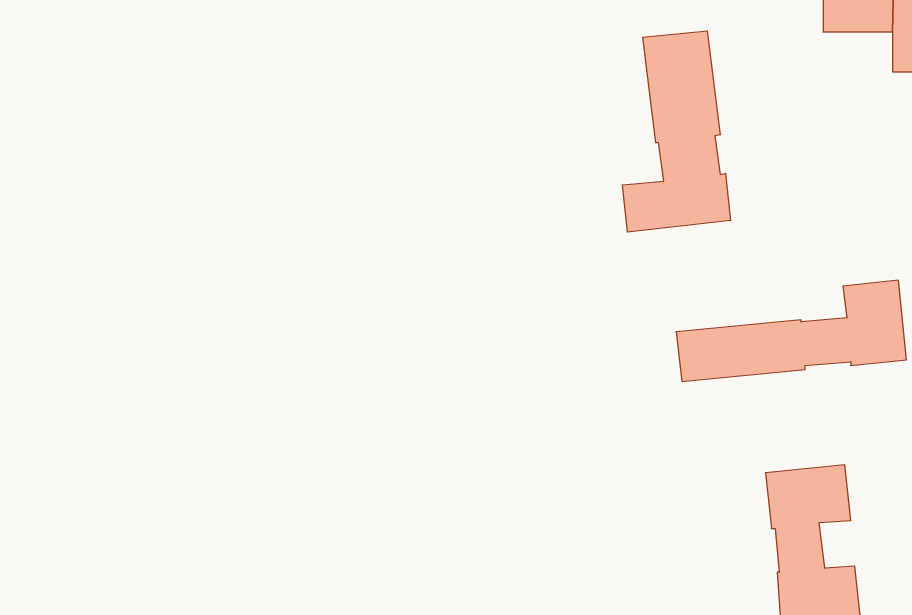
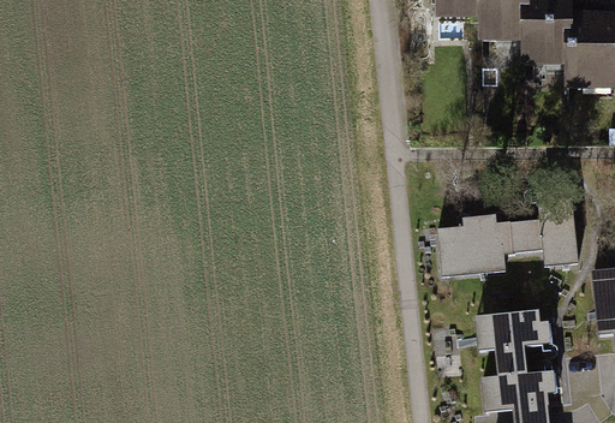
building: [622,31,730,232] -> none

